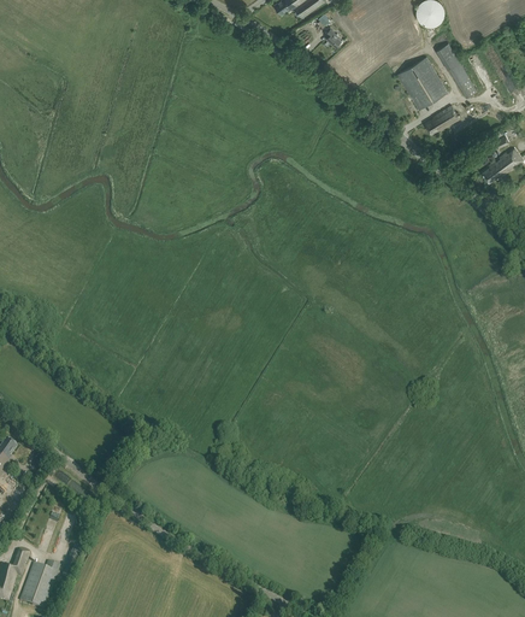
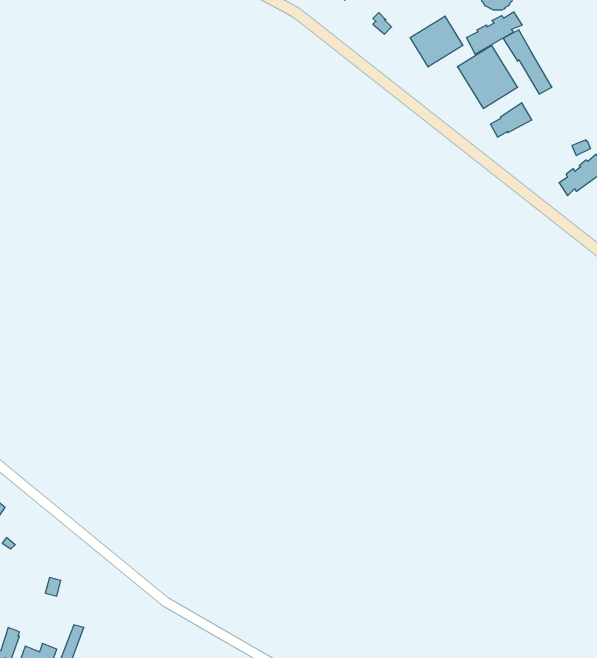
building: none -> [466,12,522,54]
building: none -> [410,16,463,67]

